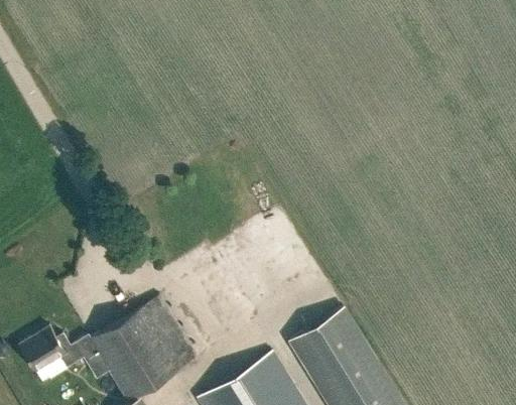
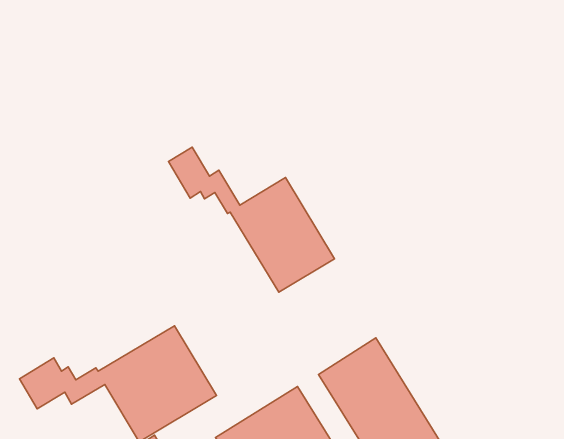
building: none -> [168,147,335,292]

